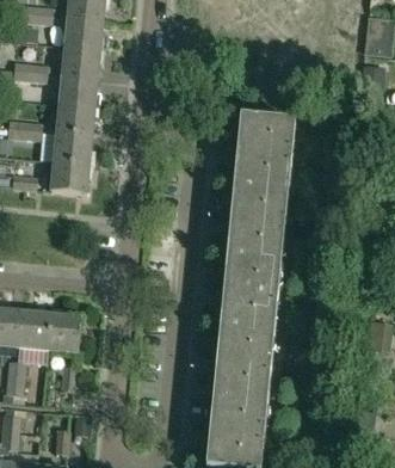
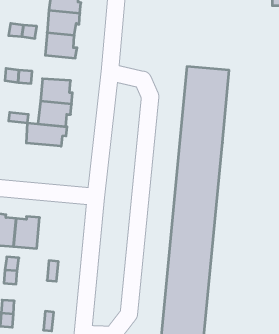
building: [56,103,98,135] -> none
building: none -> [26,123,67,146]
building: [49,309,81,351] -> none

